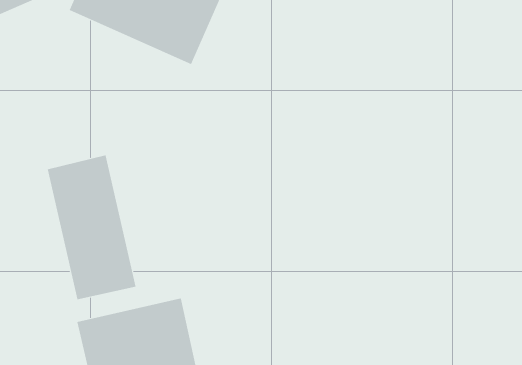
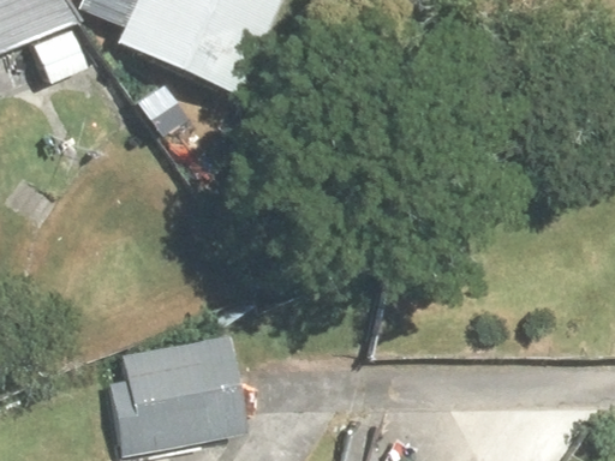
building: [47,155,136,300] -> none

